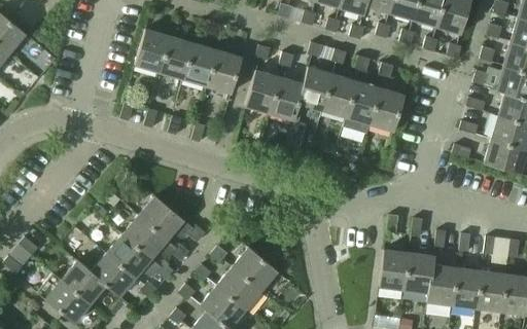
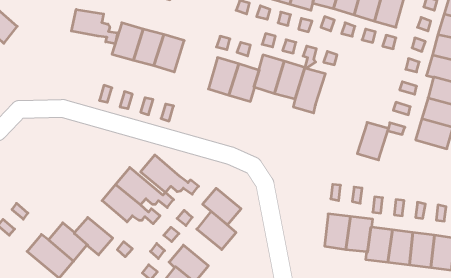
building: none -> [71,9,117,44]
building: [207,50,243,94] -> none
building: [370,88,406,132] -> [357,122,388,160]
building: [107,234,174,280] -> [141,155,199,194]
building: [217,267,261,309] -> [203,188,241,225]

